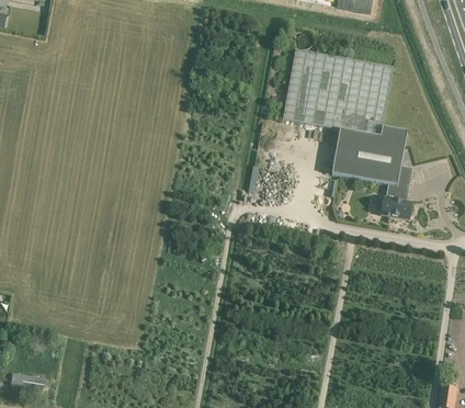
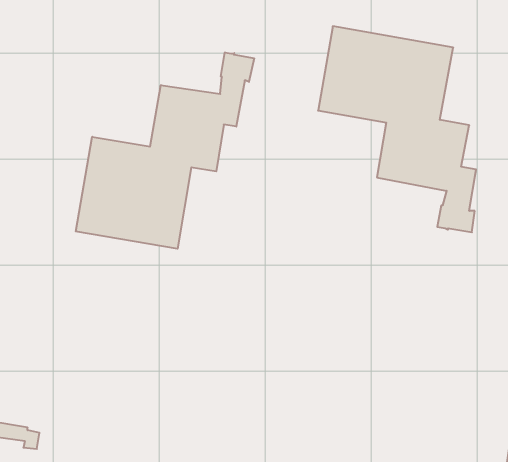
building: none -> [76,52,254,249]

